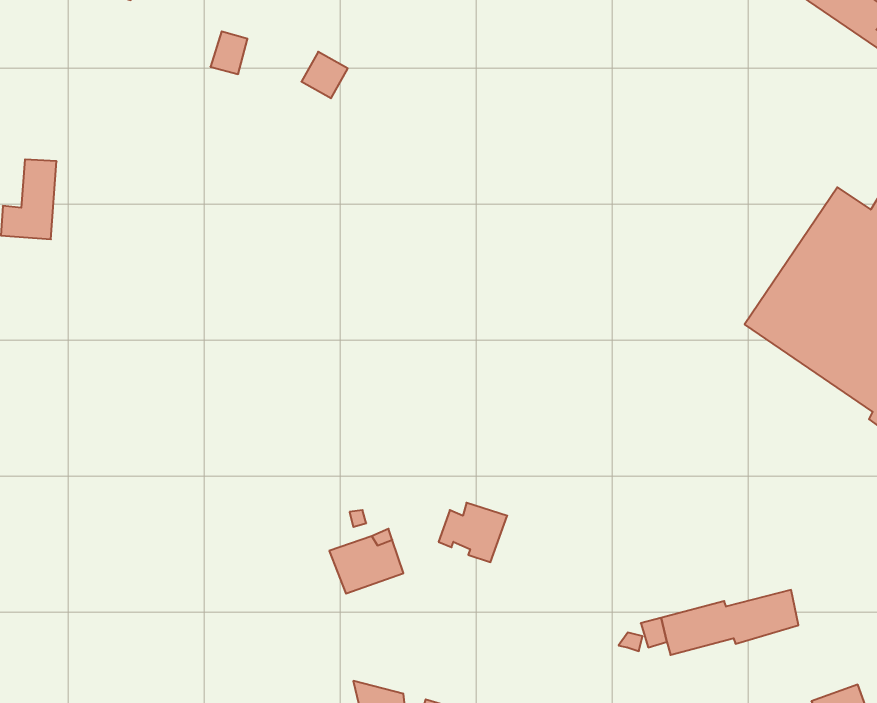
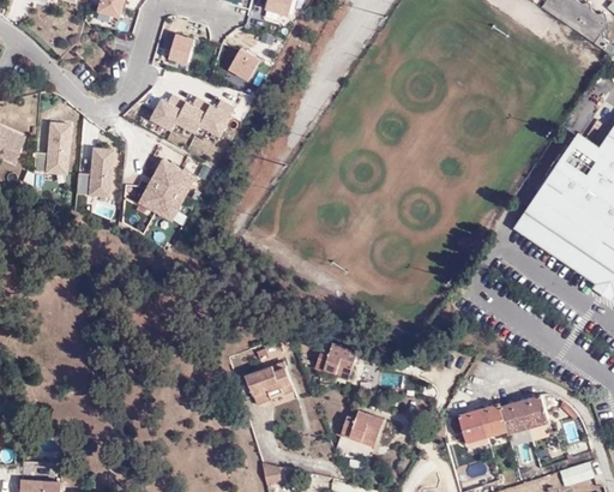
building: none -> [148,94,231,134]
building: none -> [77,148,114,197]
building: none -> [138,161,193,221]
building: none -> [343,409,389,448]

